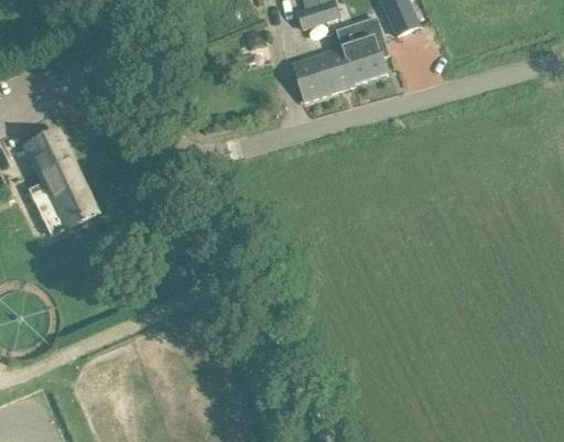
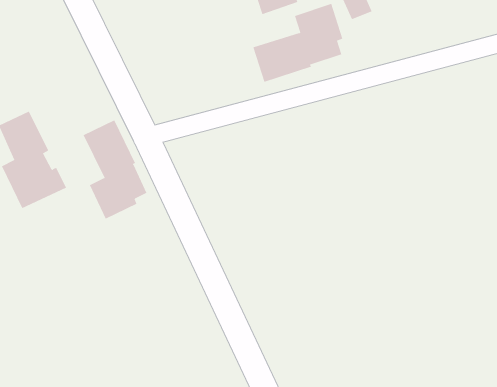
building: none -> [83,120,147,220]

